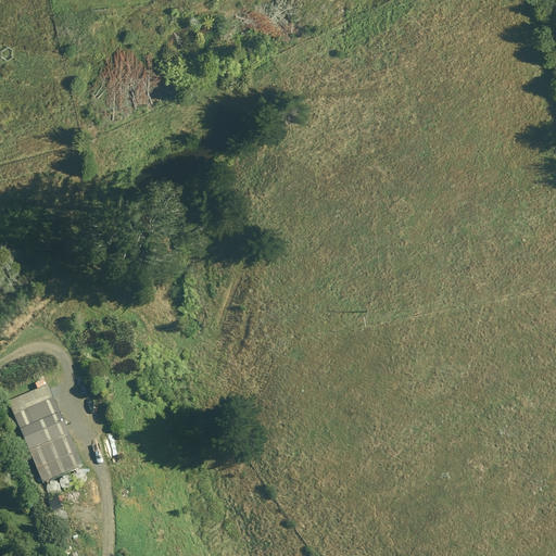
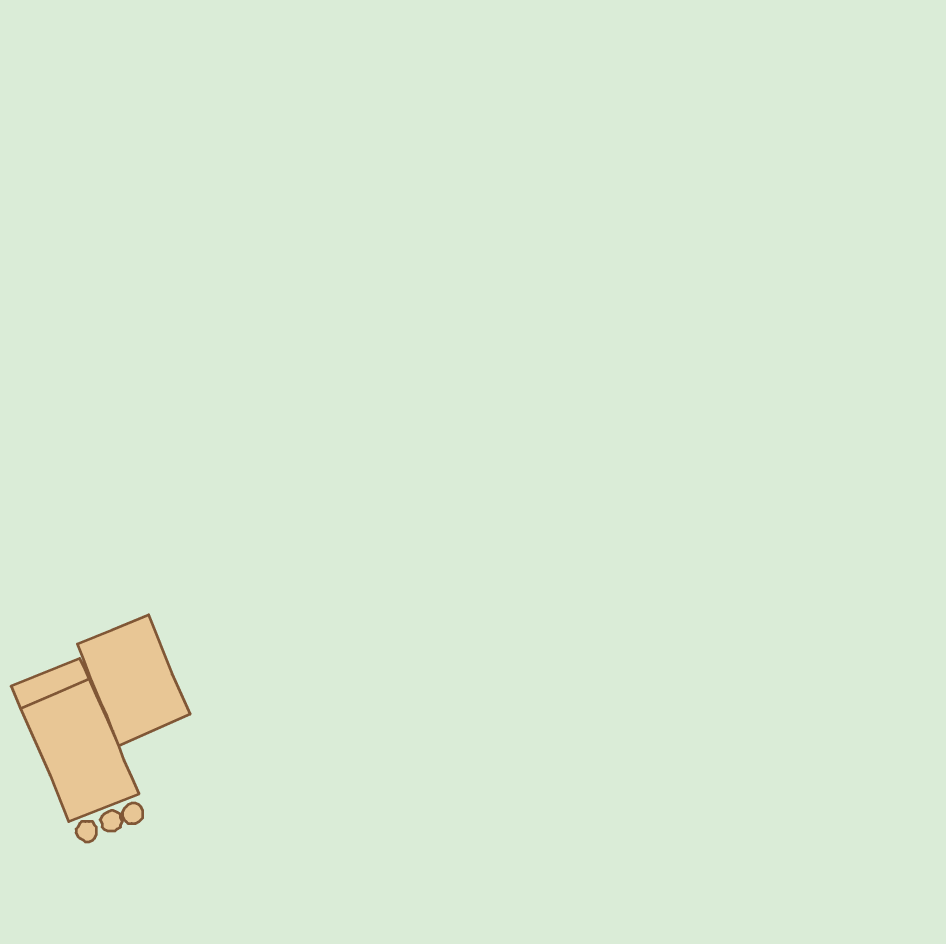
building: none -> [77,615,190,746]

